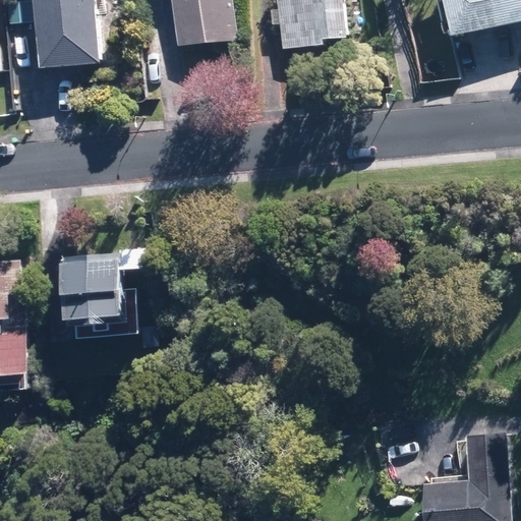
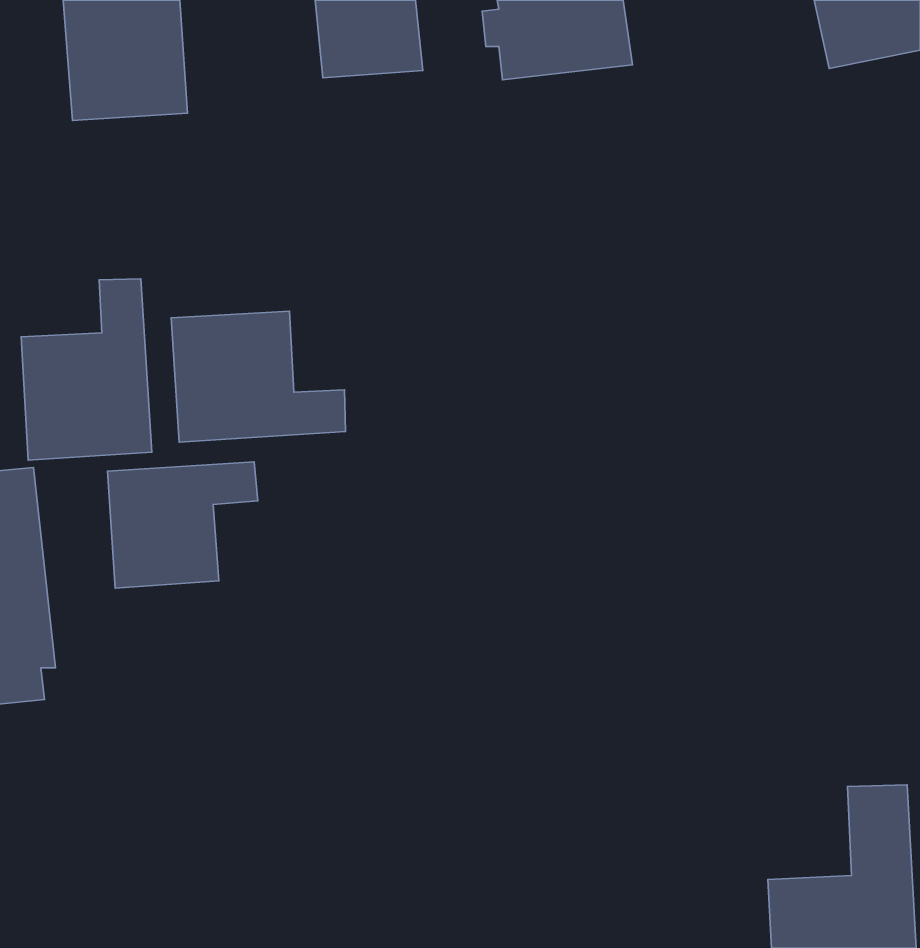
building: none -> [21,279,152,460]
building: none -> [171,311,346,442]

